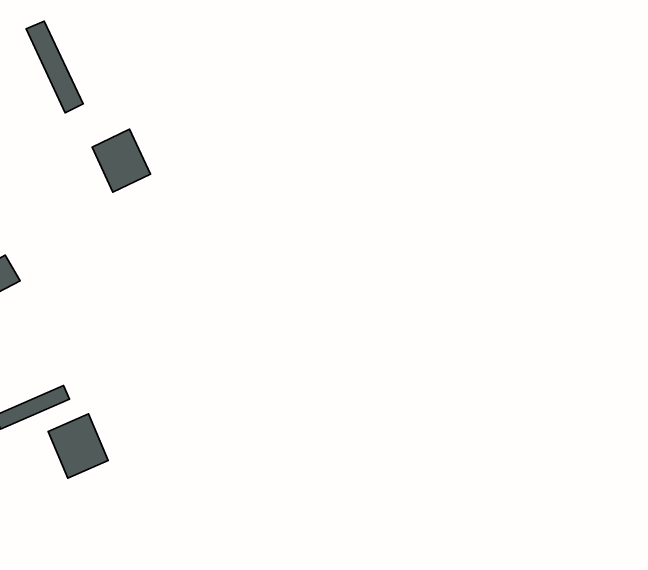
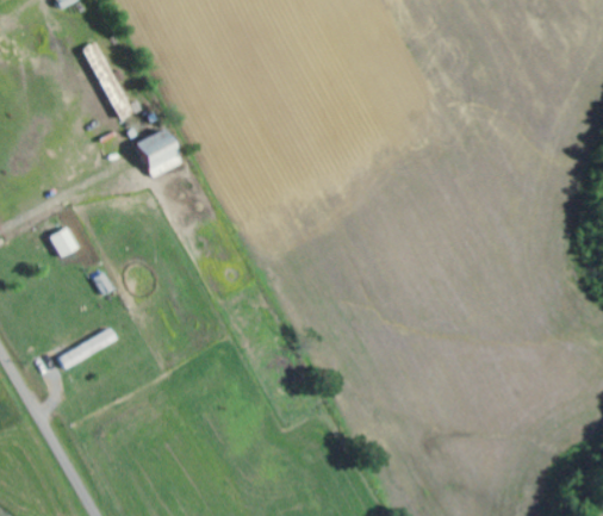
building: [48,414,108,478] -> none

